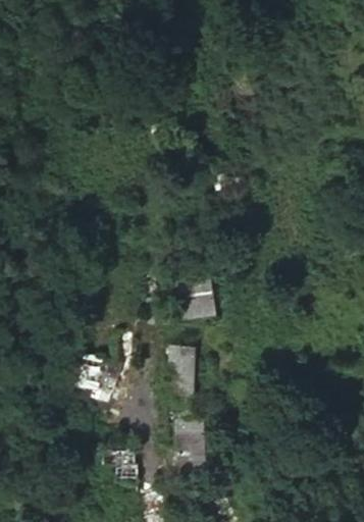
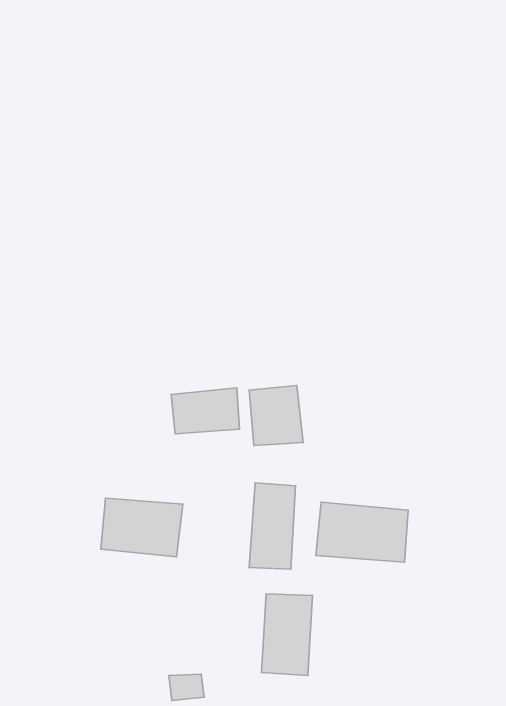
building: none -> [171,388,240,434]
building: none -> [316,502,408,562]

